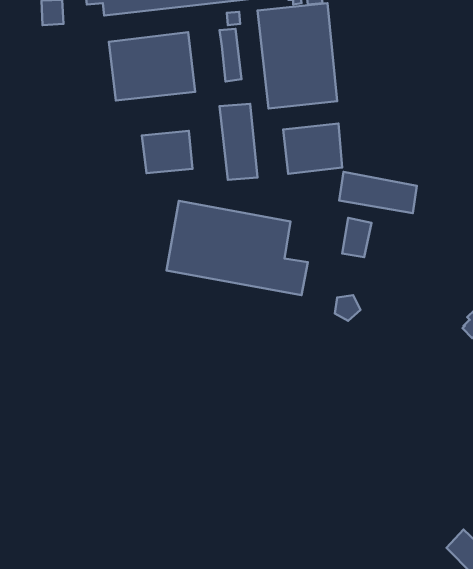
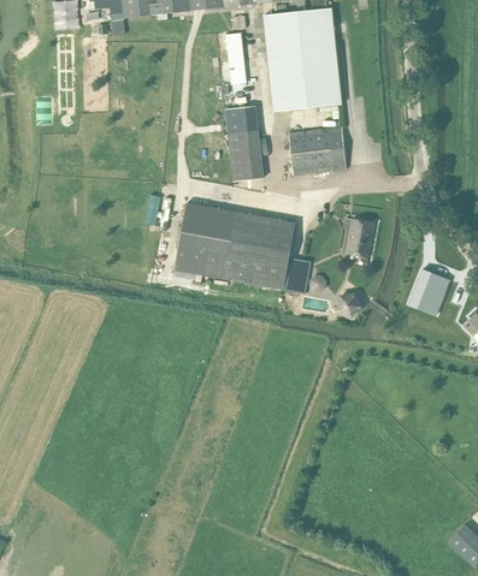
building: [109,32,195,101] -> none
building: [142,131,193,173] -> none
building: [339,172,417,213] -> none
building: none -> [408,268,449,314]

